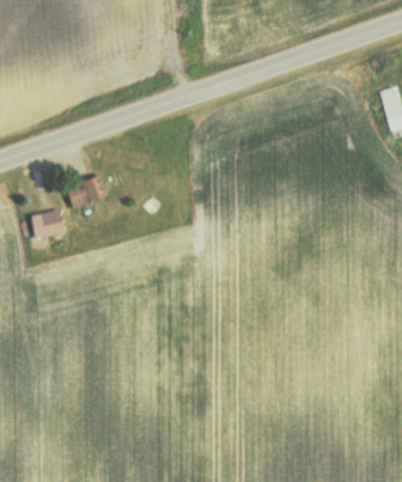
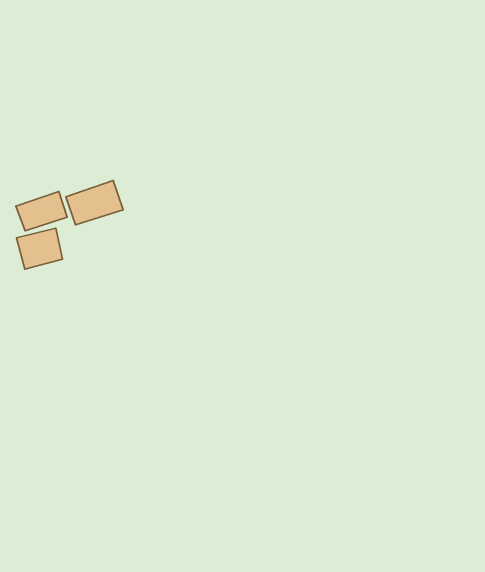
building: none -> [16,192,67,231]

